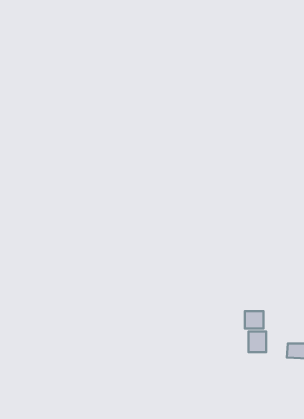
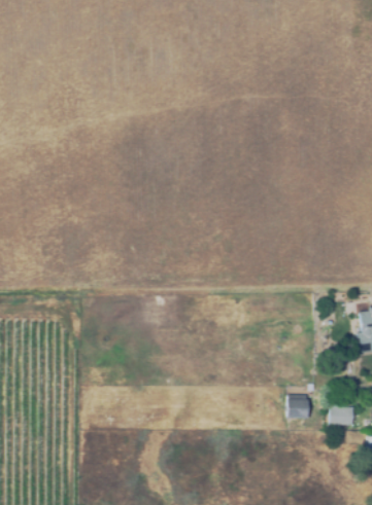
building: [245,311,263,329] -> none

